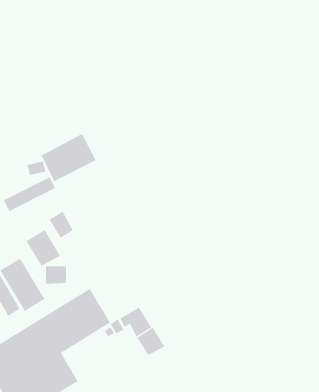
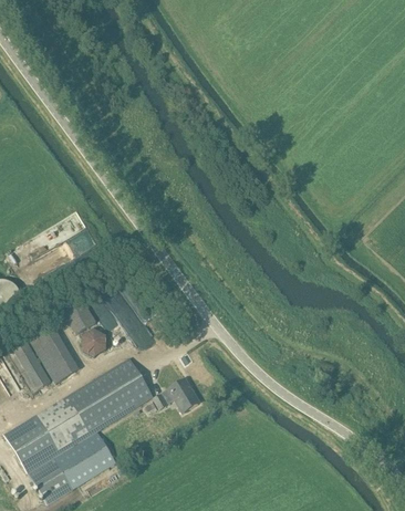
building: [41,133,97,182] -> none
building: [49,211,74,239] -> none
building: [137,327,165,356] -> none

